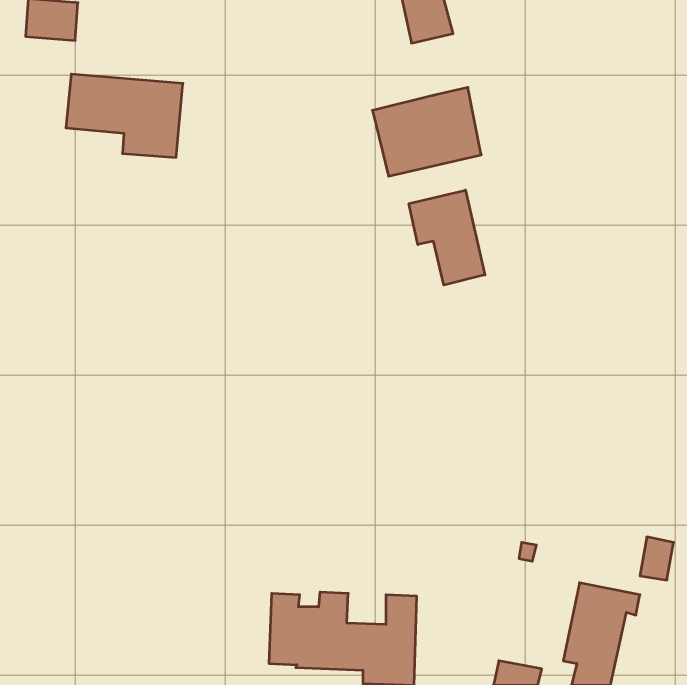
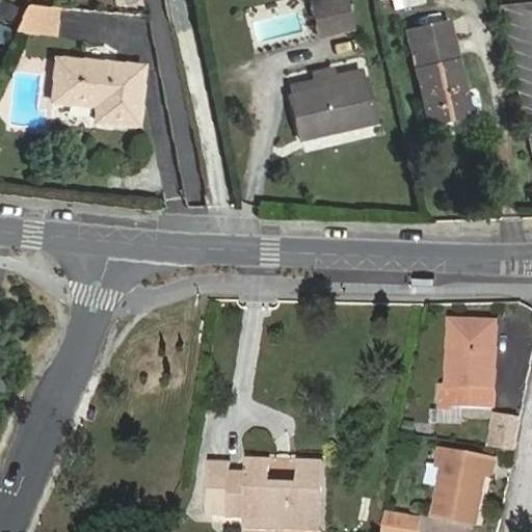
building: none -> [406,20,470,122]
building: [409,190,485,285] -> none
building: none -> [443,318,496,407]

